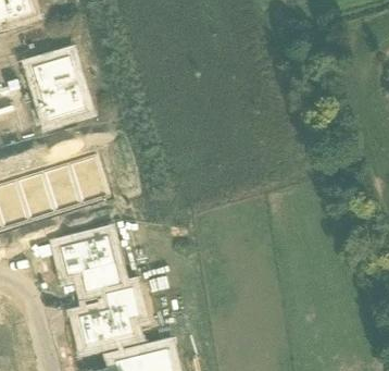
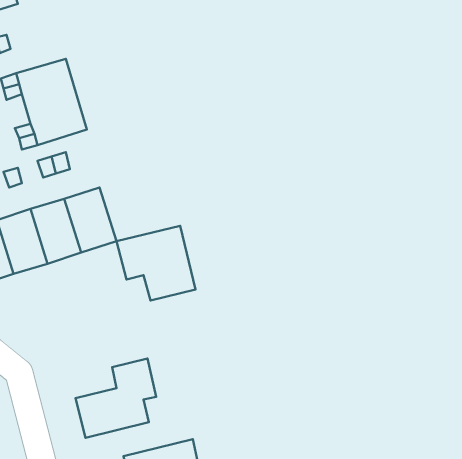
building: [59,234,120,292] -> [117,226,196,301]

